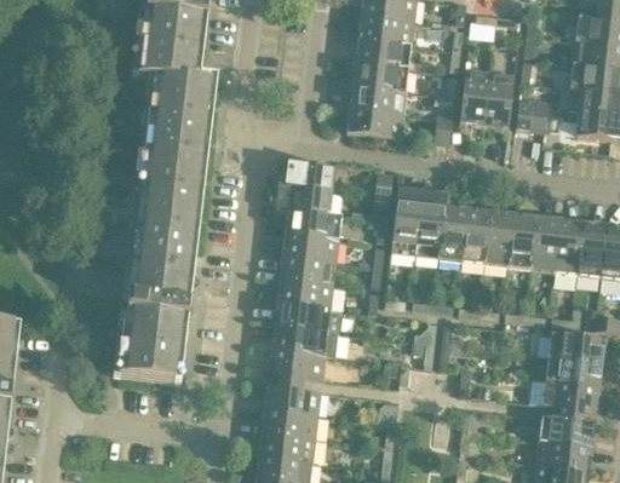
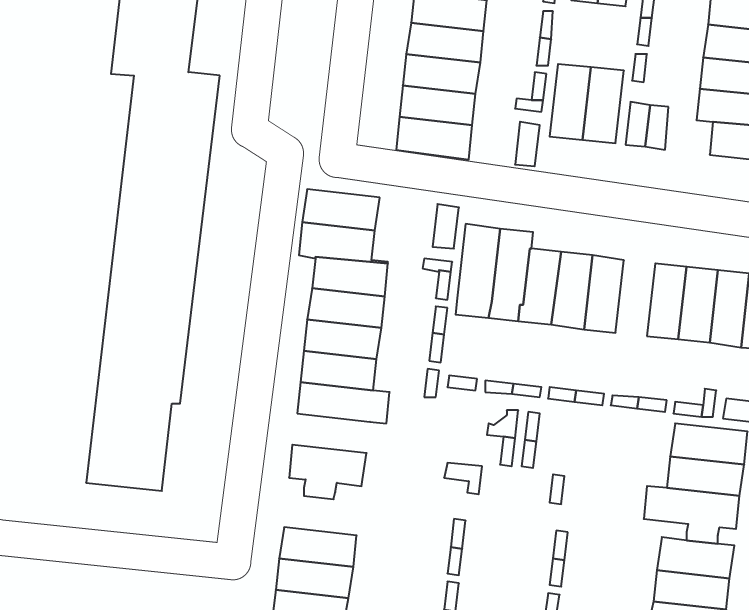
building: [507,213,536,269] -> none
building: [270,326,339,356] -> none
building: [264,385,320,415] -> none

